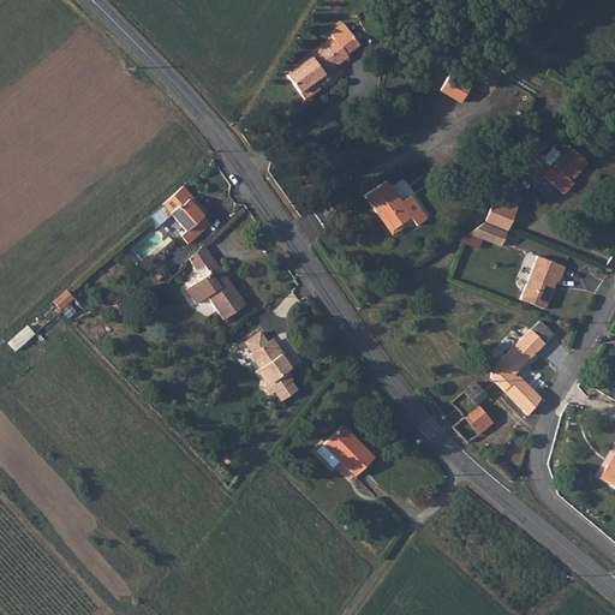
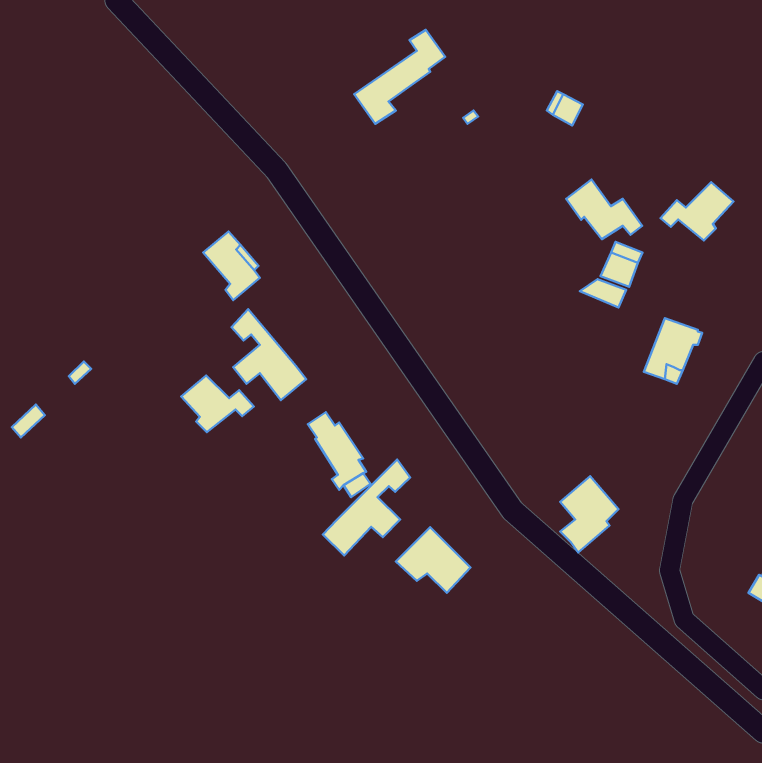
building: [365,181,426,229] -> [566,179,642,239]
building: none -> [181,375,254,432]
building: [491,326,544,418] -> none
building: none -> [323,460,410,555]

